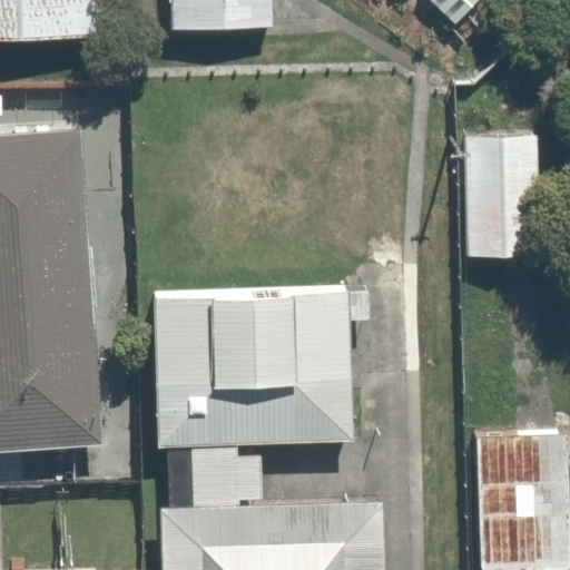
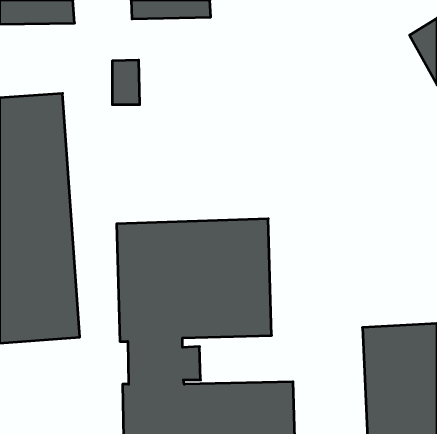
building: [459,136,542,263] -> none

